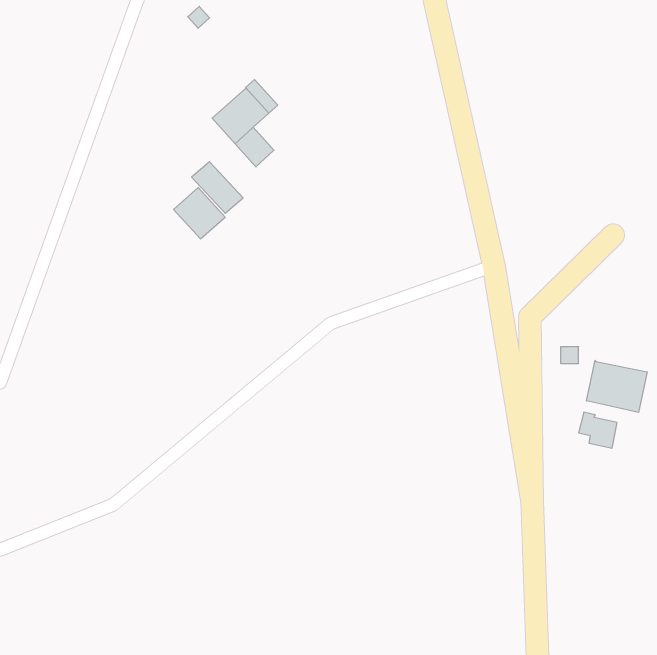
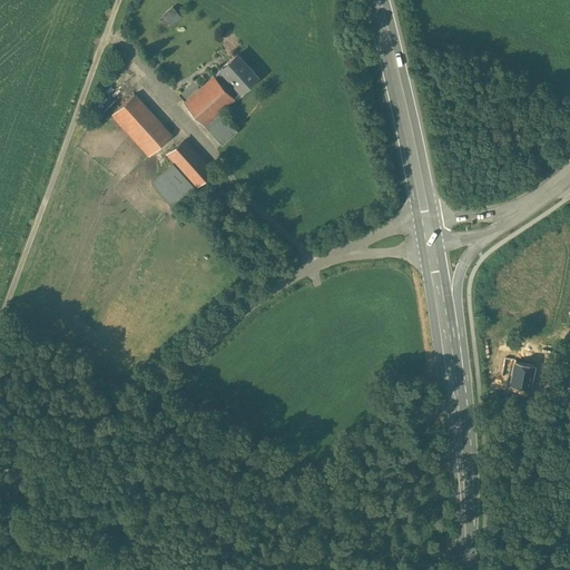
building: none -> [220,56,257,92]
building: none -> [111,96,170,156]
building: [587,360,647,412] -> none

